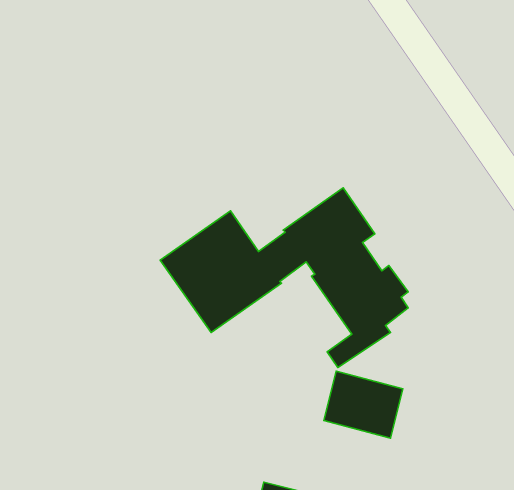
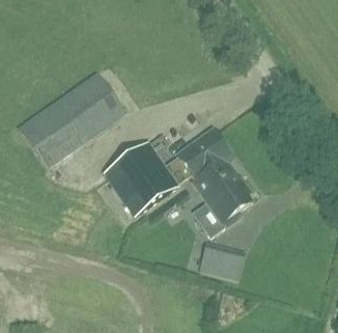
building: none -> [19,72,125,167]

